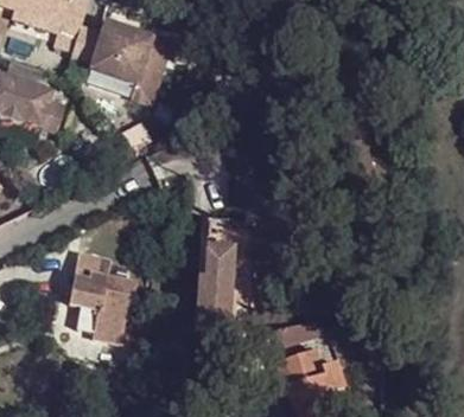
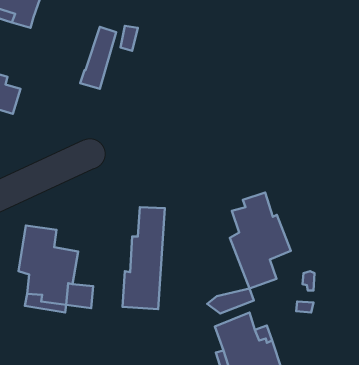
building: [72,19,154,82] -> none
building: none -> [230,192,291,288]

